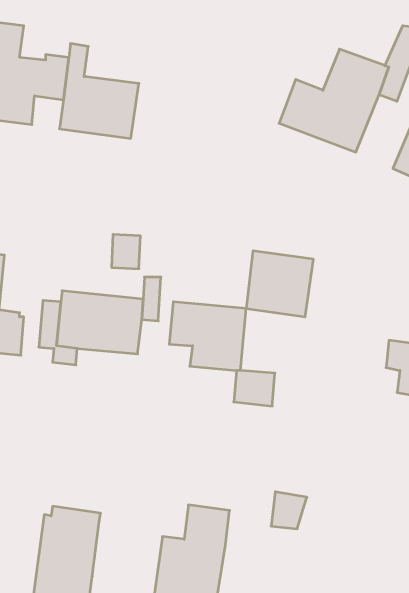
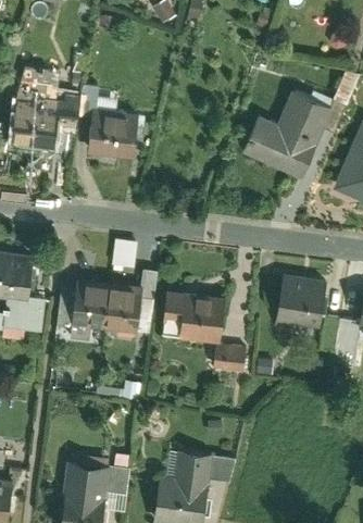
building: [246,251,313,317] -> [276,275,329,327]
building: [271,492,307,529] -> [206,456,235,485]
building: none -> [101,454,129,511]

